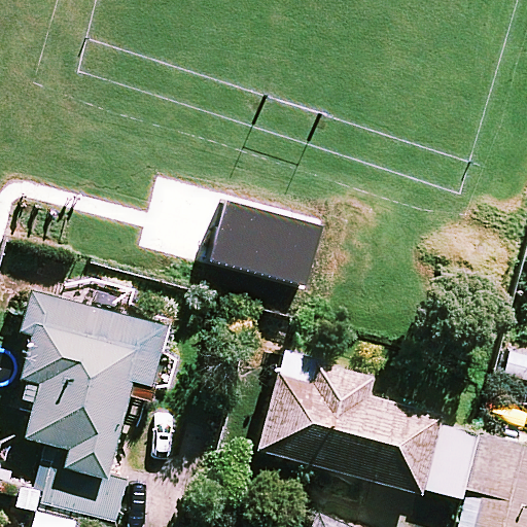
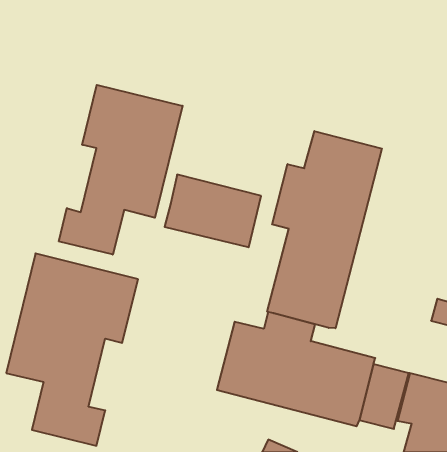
building: none -> [59,85,183,255]
building: none -> [267,131,382,328]

